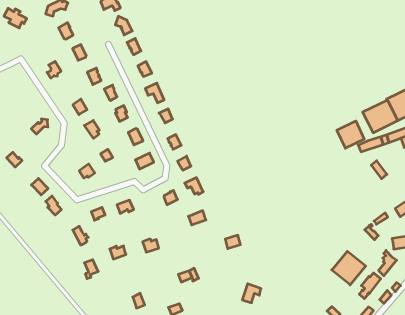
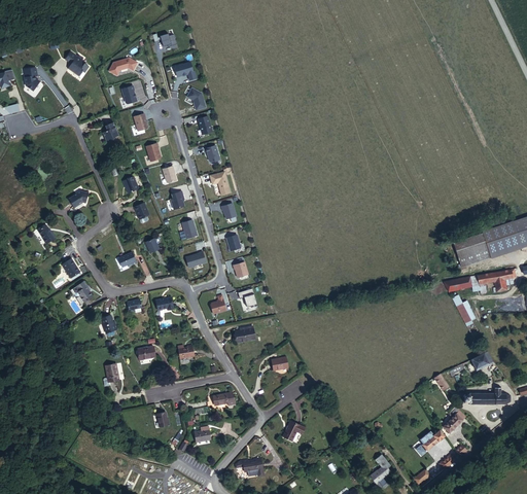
building: [337,121,364,148] -> none
building: [332,251,366,285] -> none

